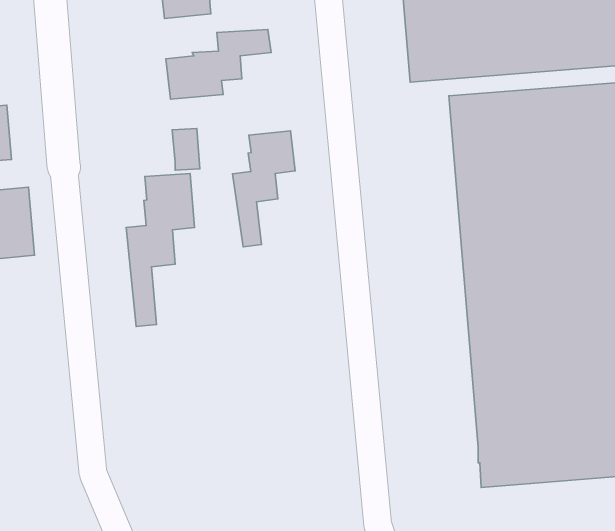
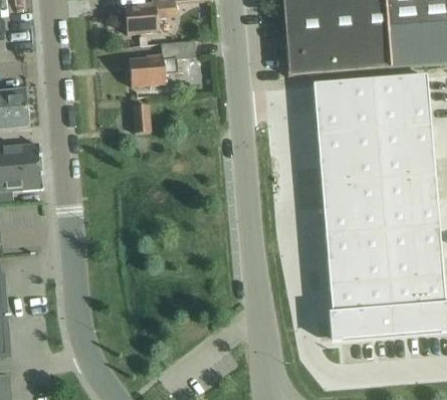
building: [232,131,295,247] -> none
building: [126,173,194,326] -> none

